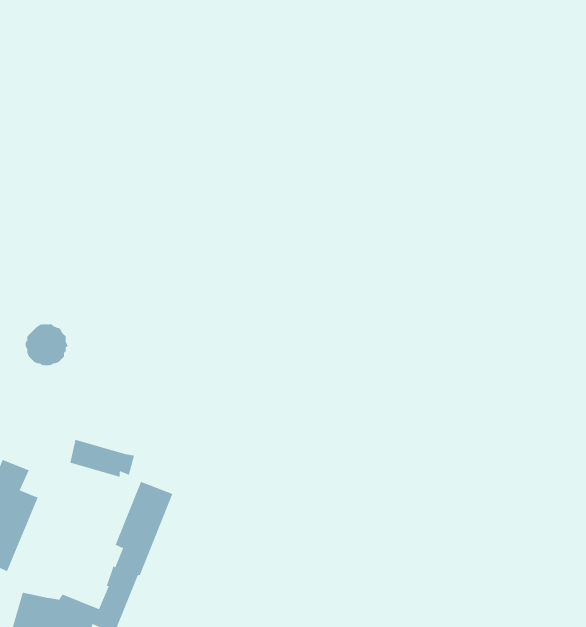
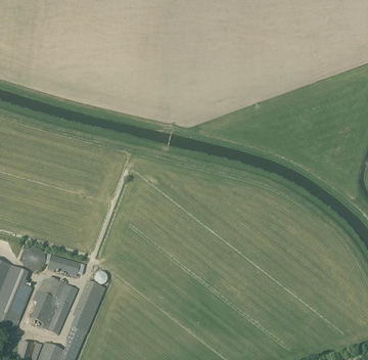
building: [25,324,68,366] -> [21,245,46,269]
building: none -> [30,276,77,333]

